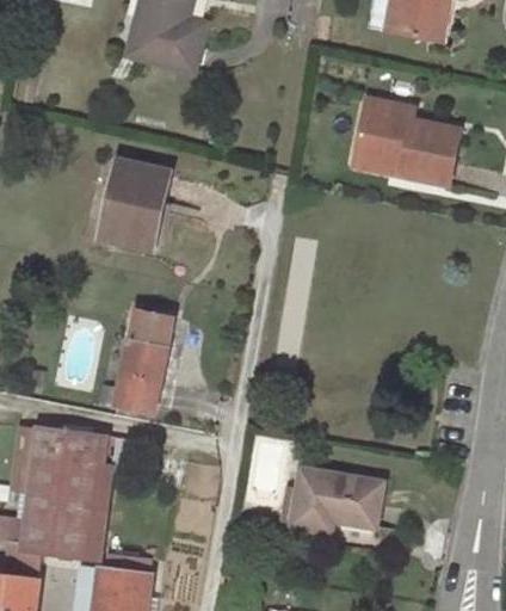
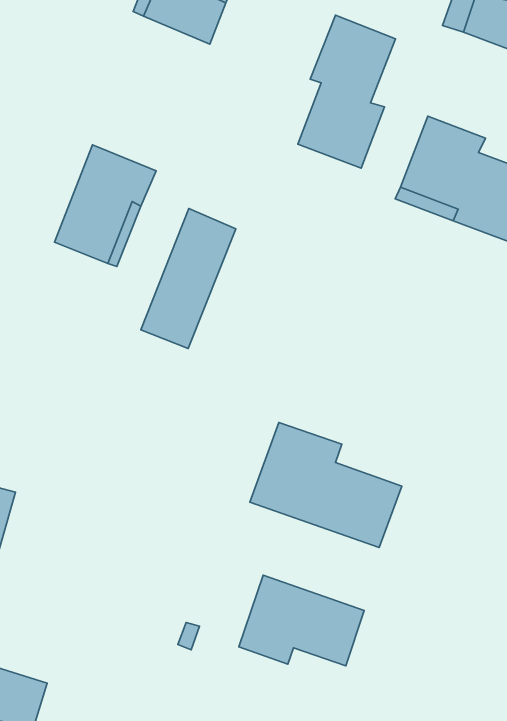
building: none -> [298,15,396,168]
building: [115,309,174,415] -> [141,209,236,348]
building: none -> [250,422,402,548]

